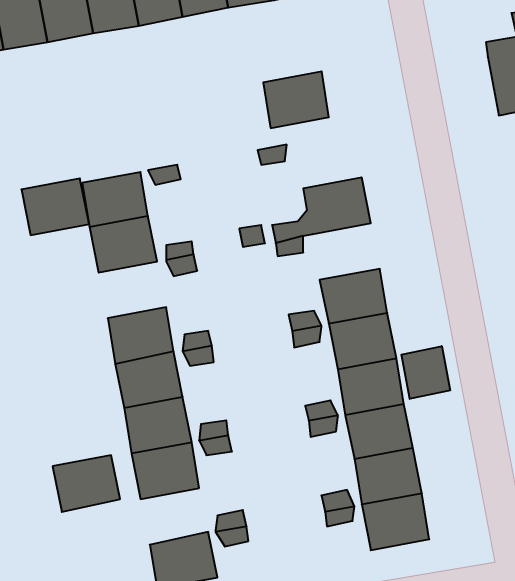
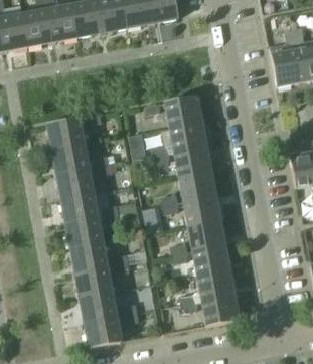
building: [263,71,329,128] -> [165,95,201,126]
building: [21,178,89,235] -> [56,166,94,197]
building: none -> [174,145,211,176]
building: [401,346,450,399] -> none
building: [53,455,120,512] -> [80,291,117,322]

